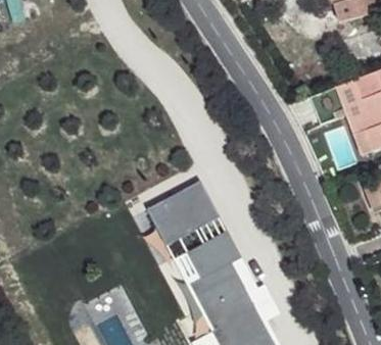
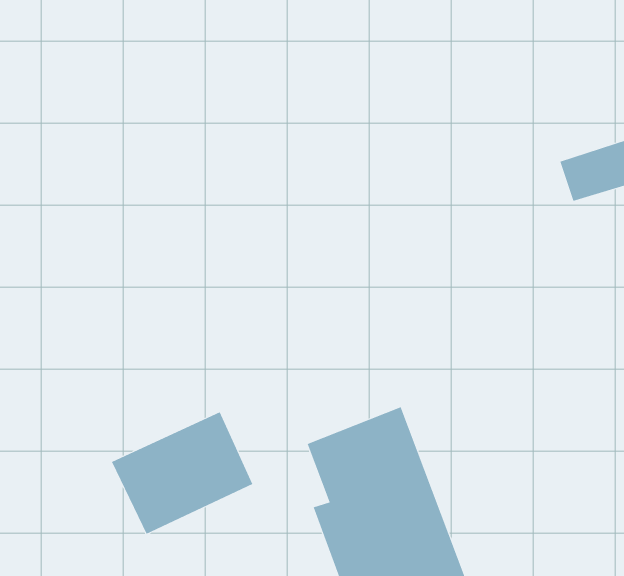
building: [146,181,221,247] -> [111,412,253,534]

